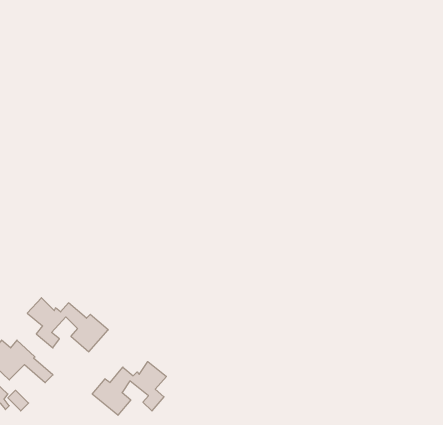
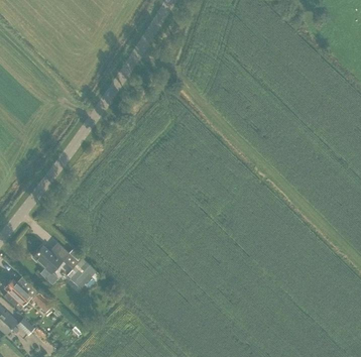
building: [92,362,166,415] -> none

